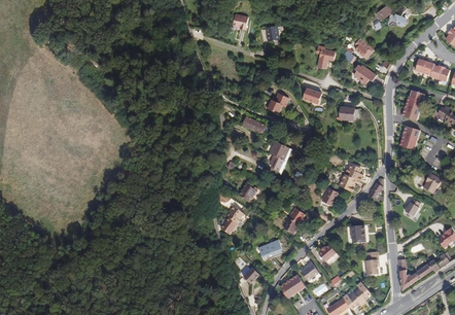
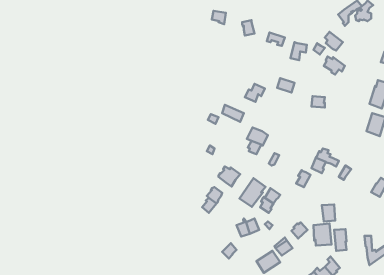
building: none -> [239,178,265,207]
building: none -> [313,223,332,245]

